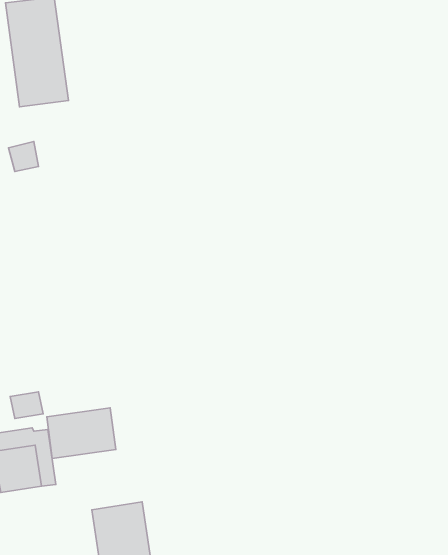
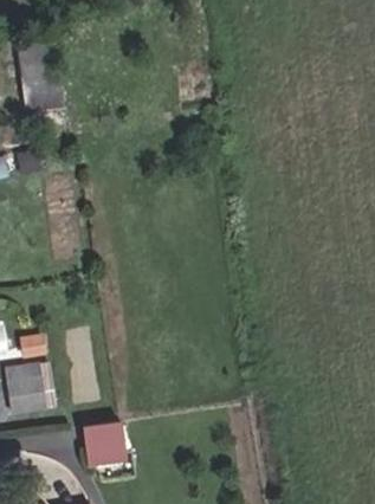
building: [47,408,116,459] -> none

